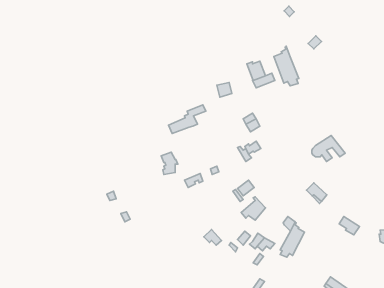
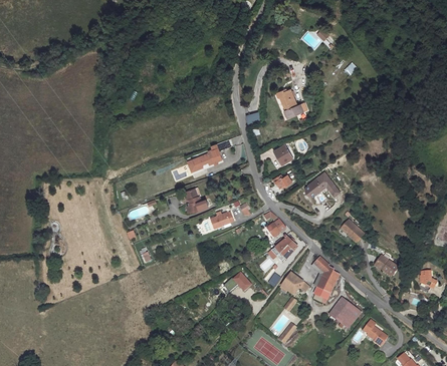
building: [274,46,299,86] -> none
building: [312,135,345,161] -> [304,172,341,201]
building: none -> [328,296,360,327]

